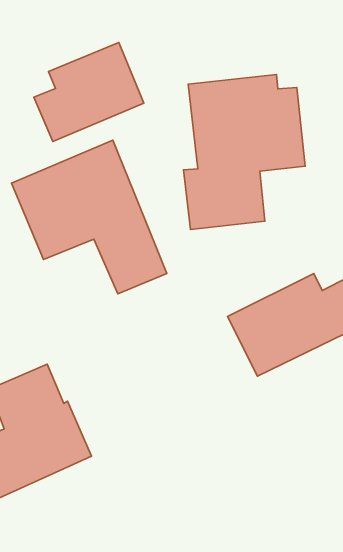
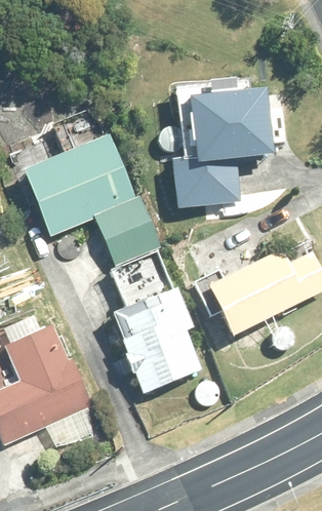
building: [34,43,144,142] -> none
building: none -> [110,249,203,394]

